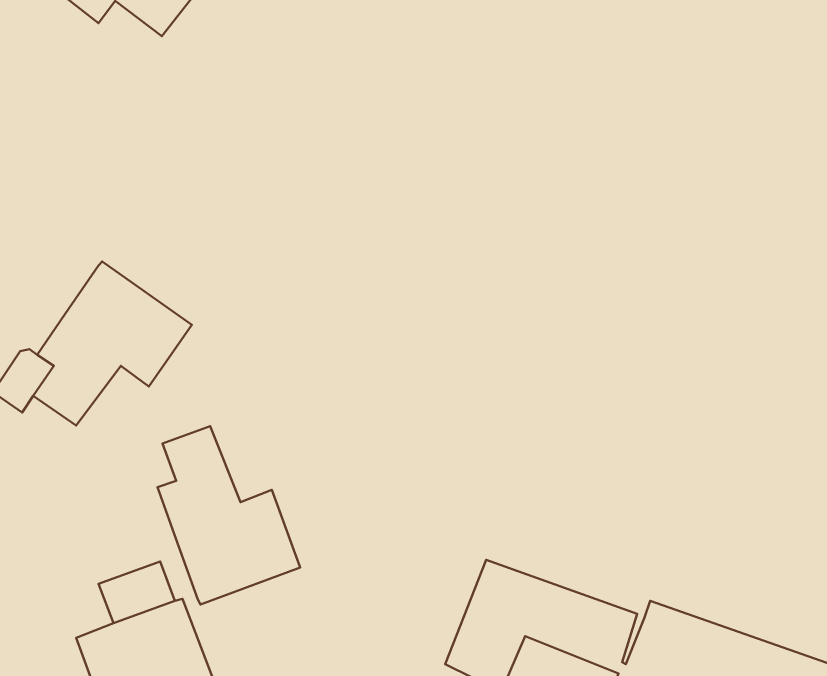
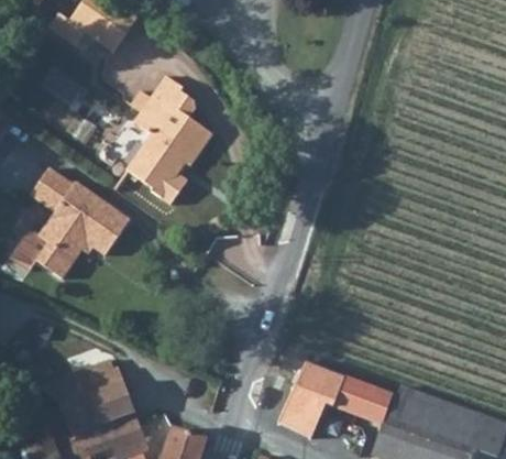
building: none -> [125,75,212,195]
building: none -> [30,168,75,215]
building: [158,426,300,605] -> none

